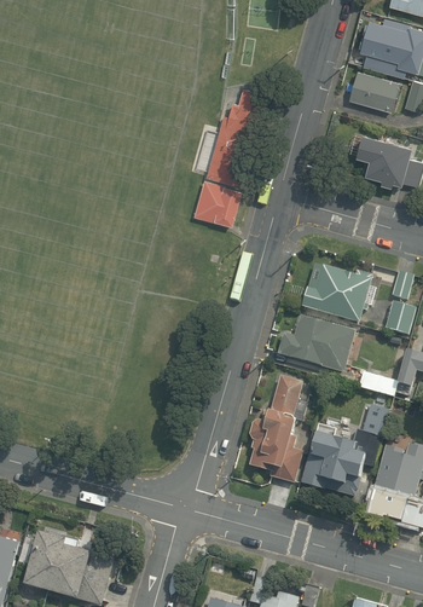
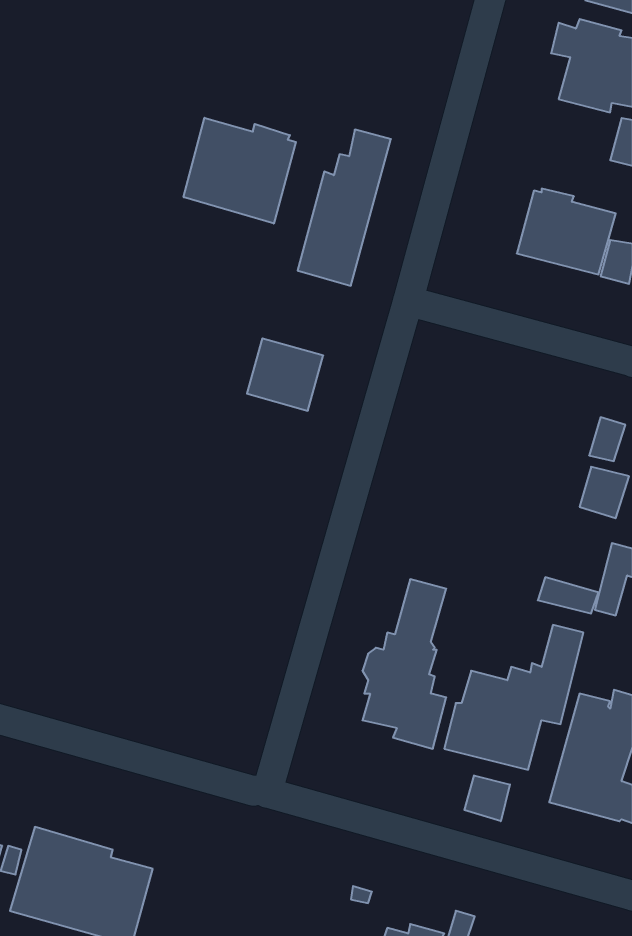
building: [348,70,399,111] -> none
building: none -> [184,118,296,224]
building: [193,180,242,226] -> [247,338,323,411]
building: [301,266,372,322] -> none
building: [277,314,354,372] -> none
building: none -> [464,775,510,821]

